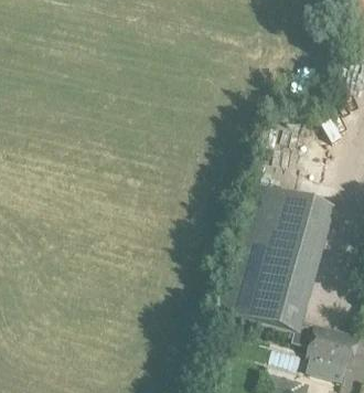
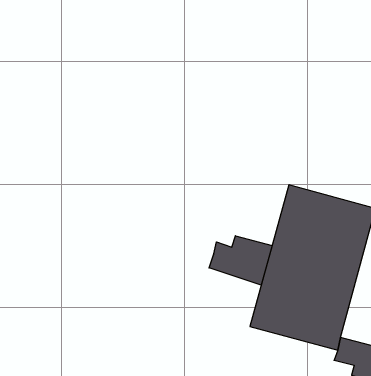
building: none -> [209,236,272,285]

